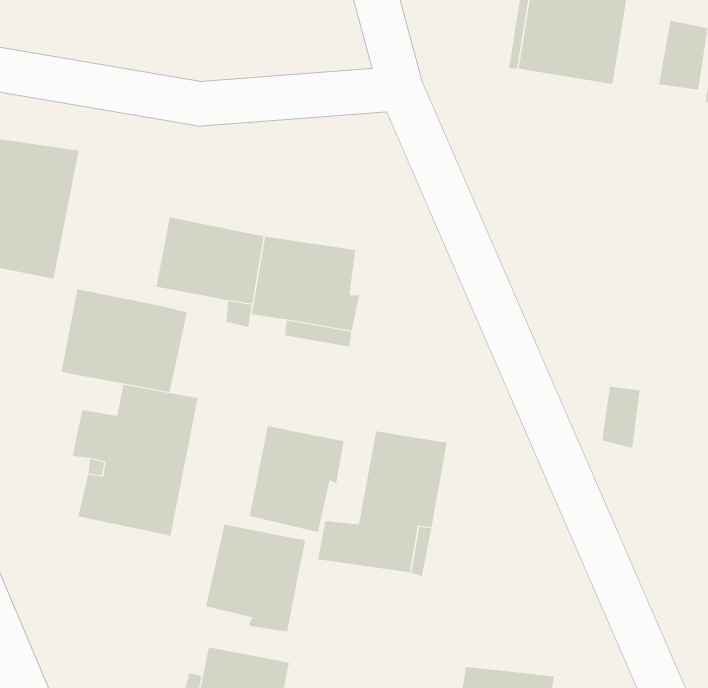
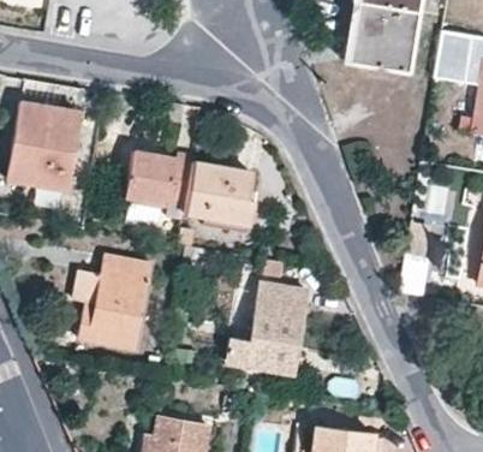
building: [61,289,187,393] -> none
building: [249,425,344,533] -> none
building: [205,524,306,633] -> none

